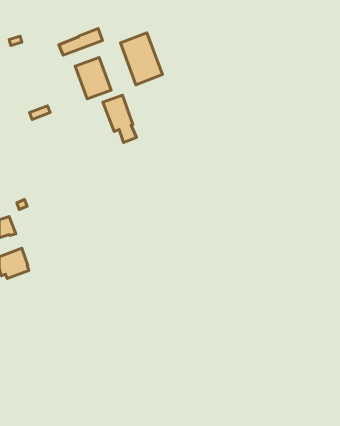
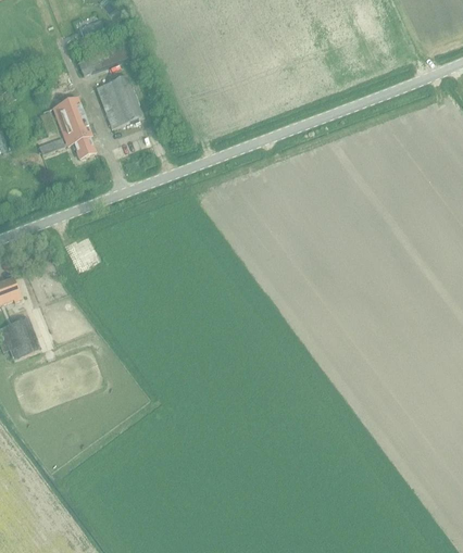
building: [121,33,162,85] -> none
building: [103,95,136,143] -> [52,99,95,159]

